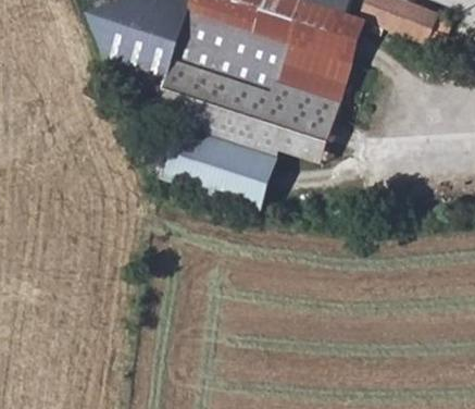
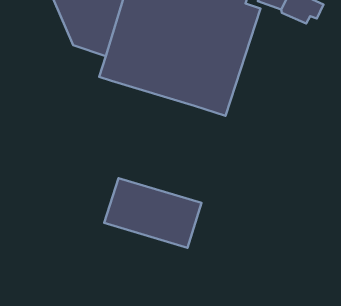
building: [154,112,282,203] -> [104,178,202,248]

